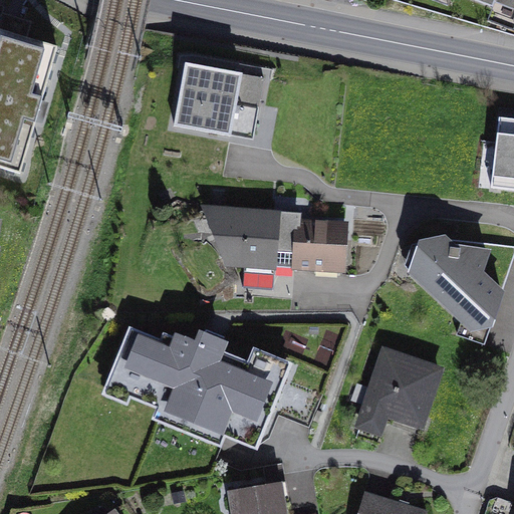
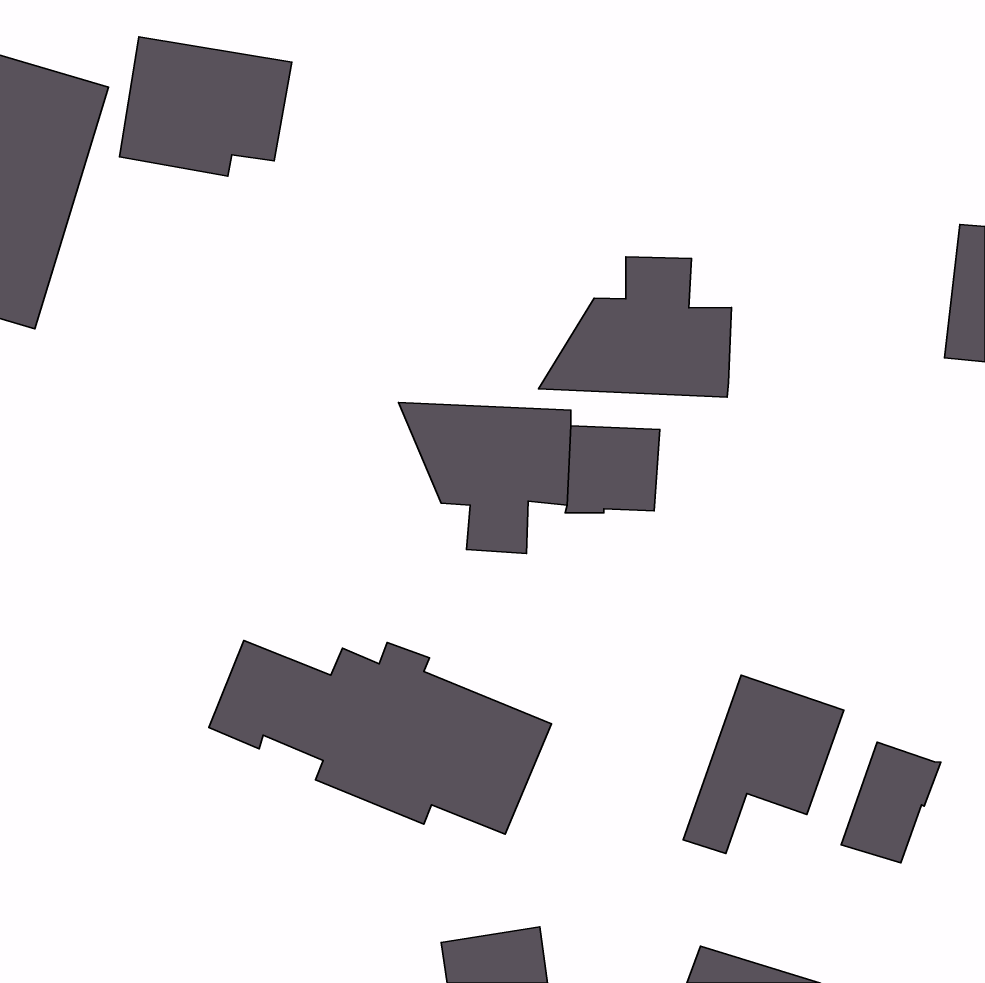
building: [174,62,263,135] -> [119,37,292,176]
building: none -> [539,257,731,397]
building: [411,237,500,327] -> none
building: none -> [841,742,941,863]

